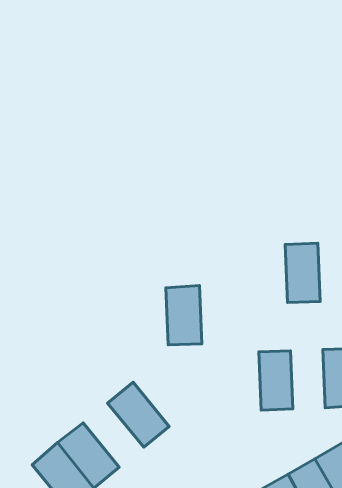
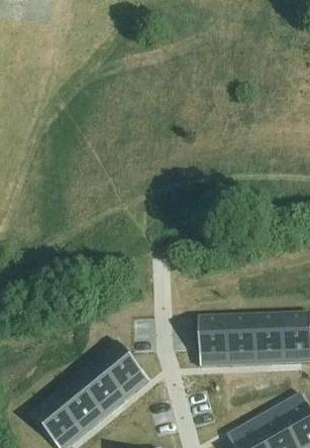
building: [285,243,320,303] -> [253,313,284,364]
building: [166,286,202,345] -> [197,315,228,366]
building: none -> [74,359,126,415]

